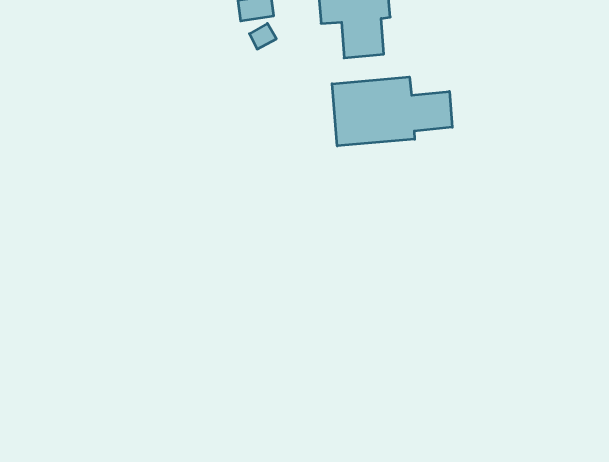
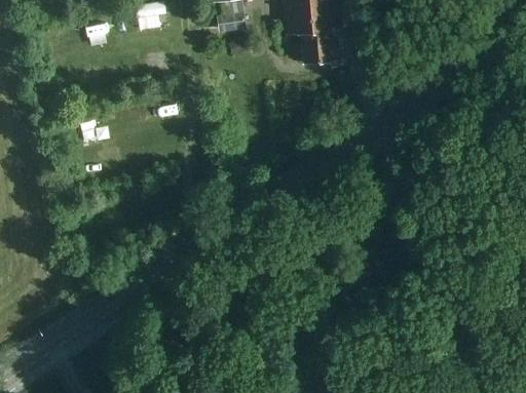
building: [332,77,452,146] -> none

